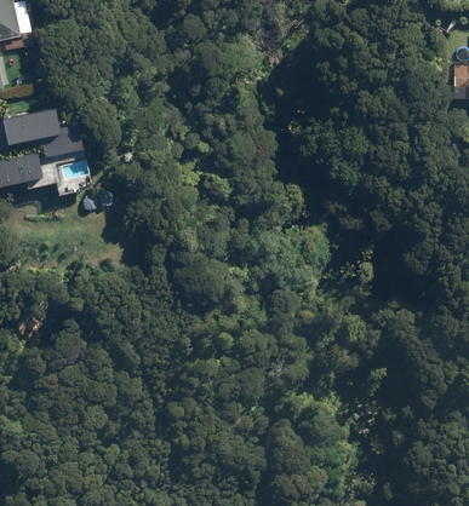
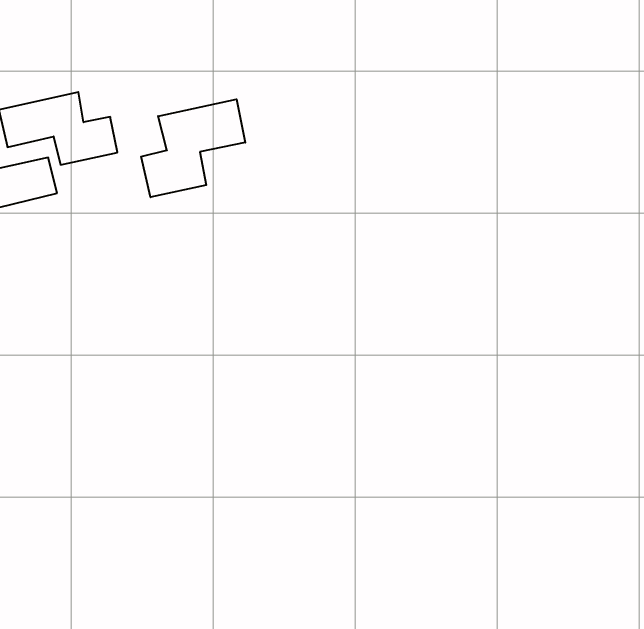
building: none -> [141,99,245,197]

